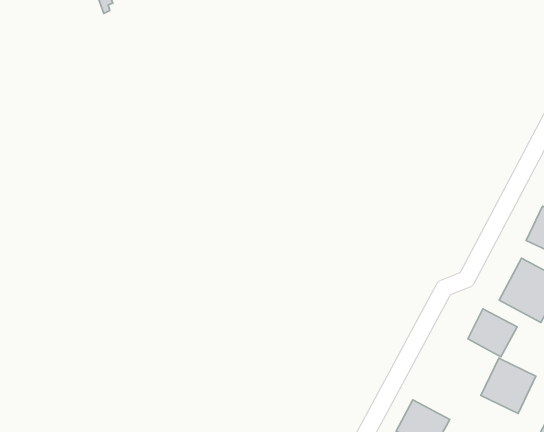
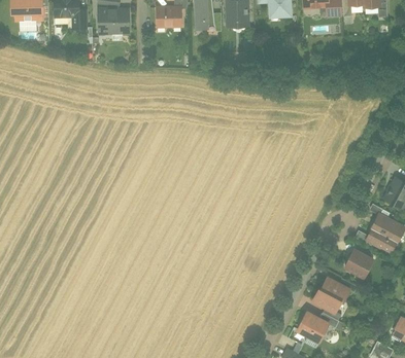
building: [481,358,536,413] -> [309,276,347,314]

